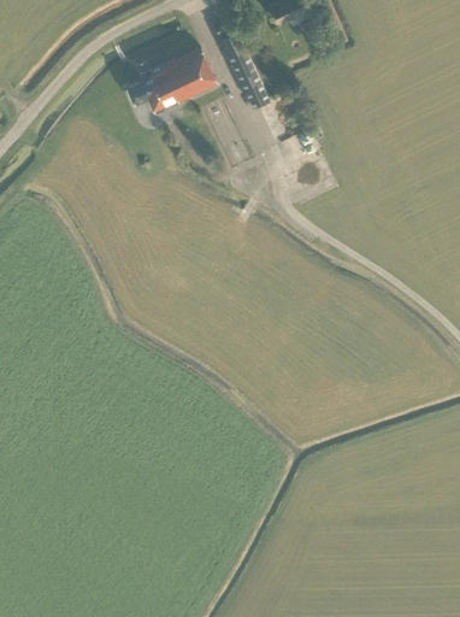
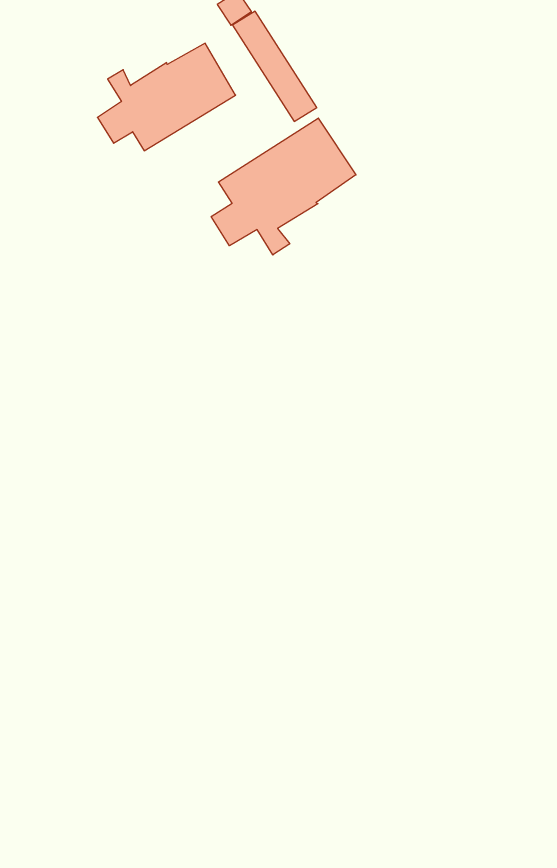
building: none -> [211,118,356,255]

